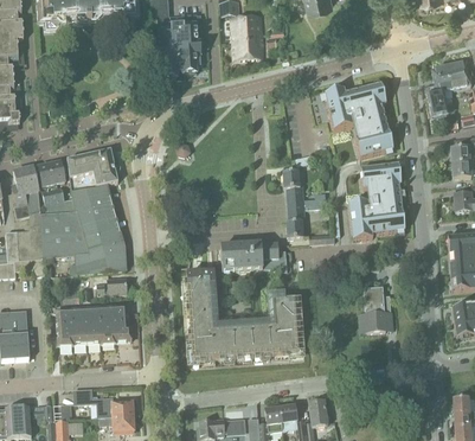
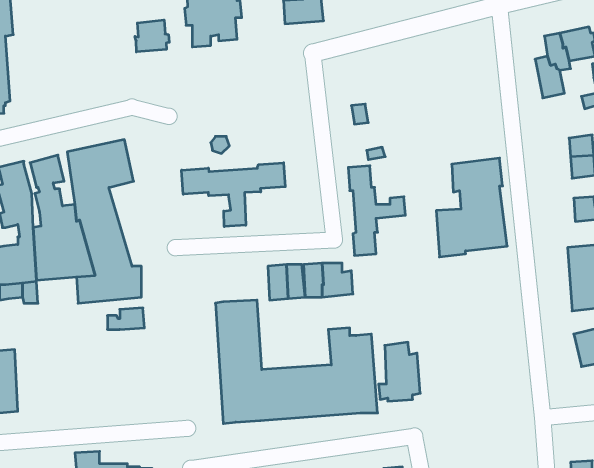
building: none -> [135,20,169,52]
building: [323,82,393,155] -> none
building: none -> [182,163,285,227]
building: [359,286,391,331] -> [379,342,420,401]
building: [54,305,130,346] -> none

